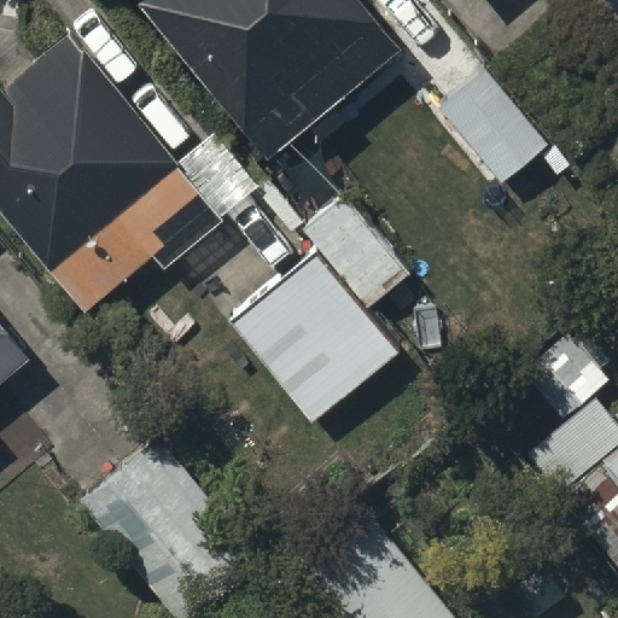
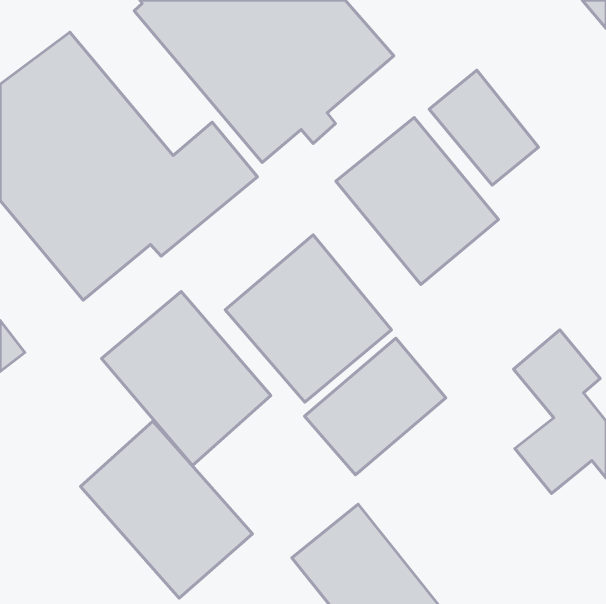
building: none -> [336,118,498,284]
building: none -> [101,291,271,465]
building: none -> [305,338,446,475]

